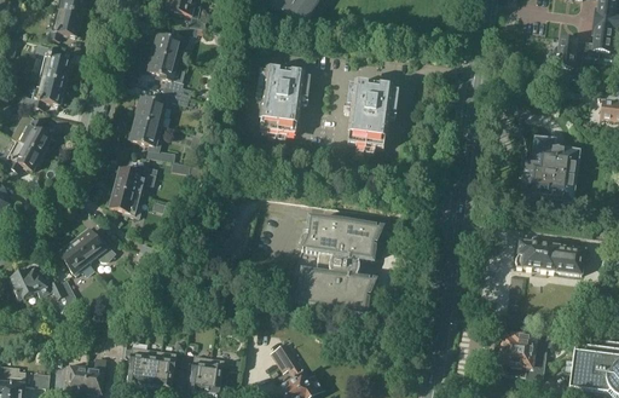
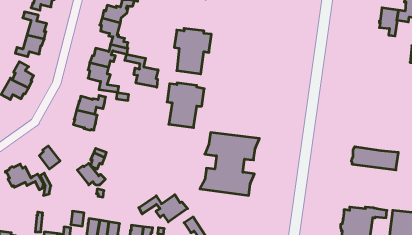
building: [345,82,399,148] -> [167,83,204,128]
building: none -> [125,54,158,87]
building: [521,138,580,200] -> none
building: [73,229,114,260] -> [77,163,105,185]
building: none -> [139,195,188,222]

